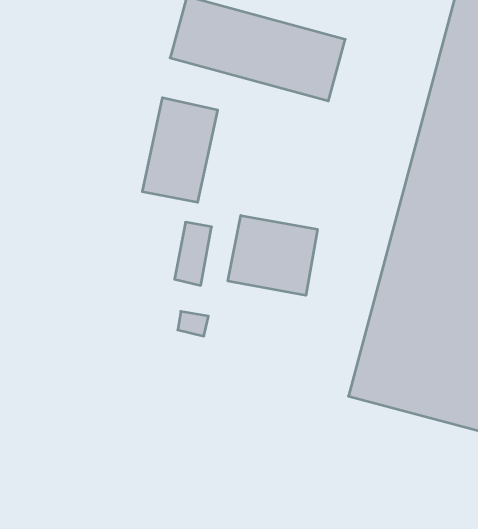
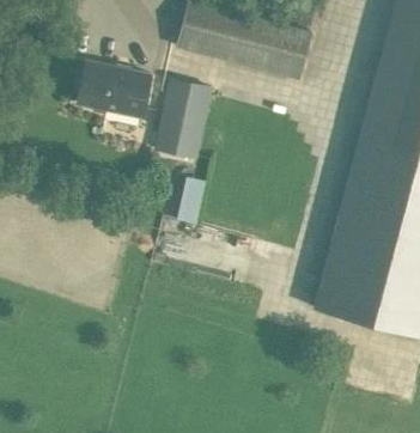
building: none -> [74,57,153,118]
building: [228,215,317,295] -> none

